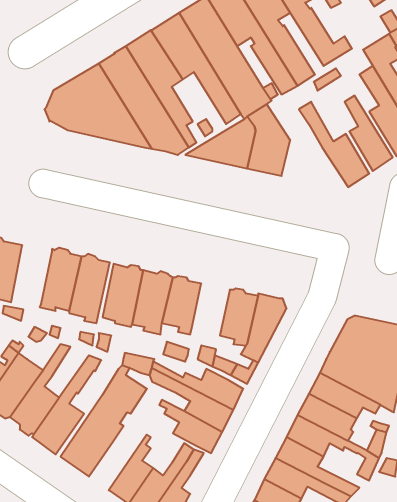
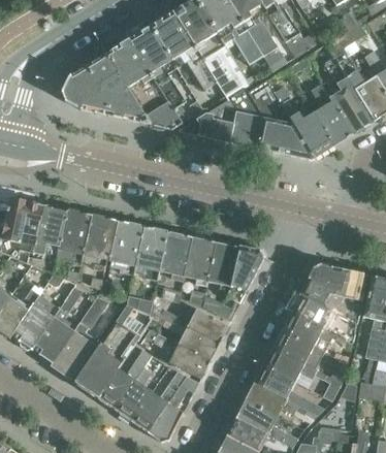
building: none -> [249,79,315,158]
building: none -> [33,205,67,255]
building: none -> [184,236,216,285]
building: none -> [98,361,147,410]

